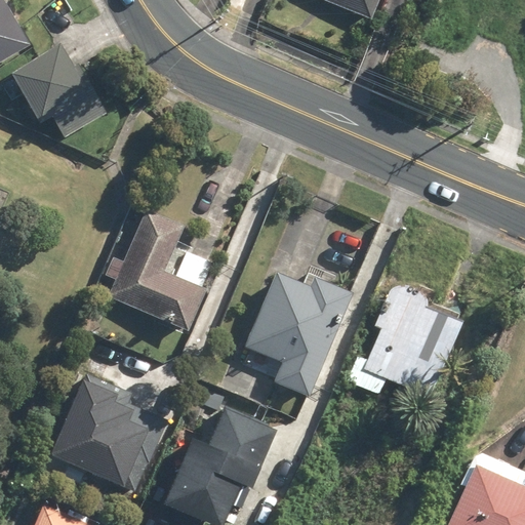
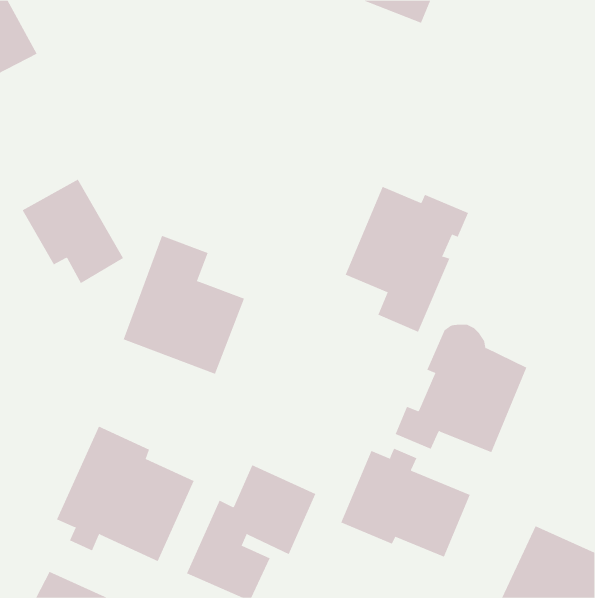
building: [13,47,103,139] -> [22,179,124,284]
building: [243,271,352,399] -> [345,186,469,332]
building: none -> [340,448,470,557]

